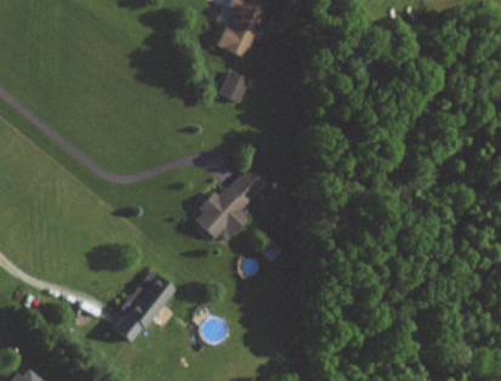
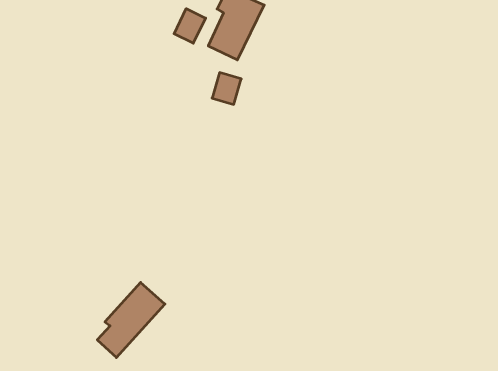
building: none -> [174,9,206,43]
building: [189,169,263,240] -> none

